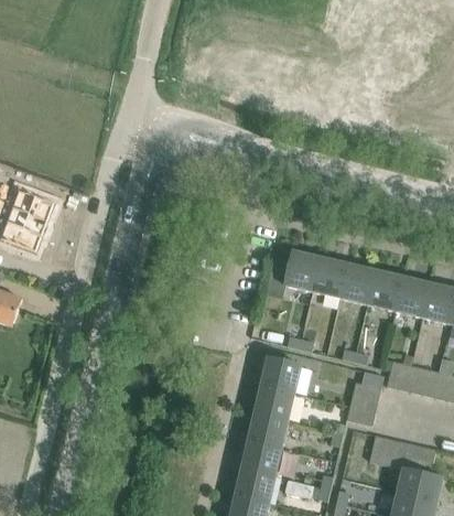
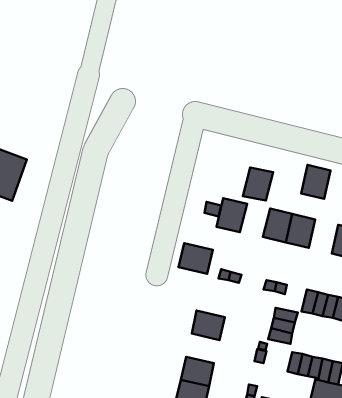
building: [312,257,348,297] -> [243,167,273,201]
building: [394,276,430,316] -> [301,165,330,199]
building: [260,356,301,393] -> [179,243,213,274]
building: [248,412,288,448] -> none

